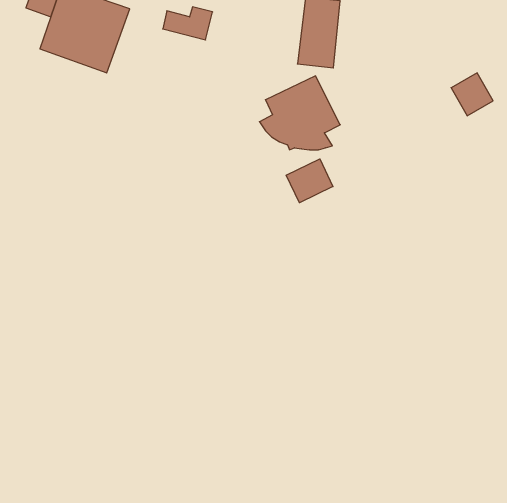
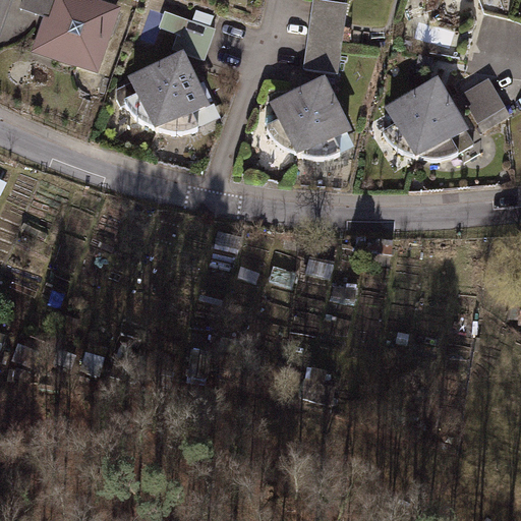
building: none -> [125,52,207,127]
building: none -> [382,76,463,154]
building: [286,159,333,203] -> none

